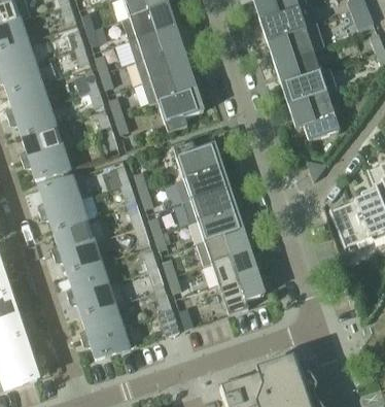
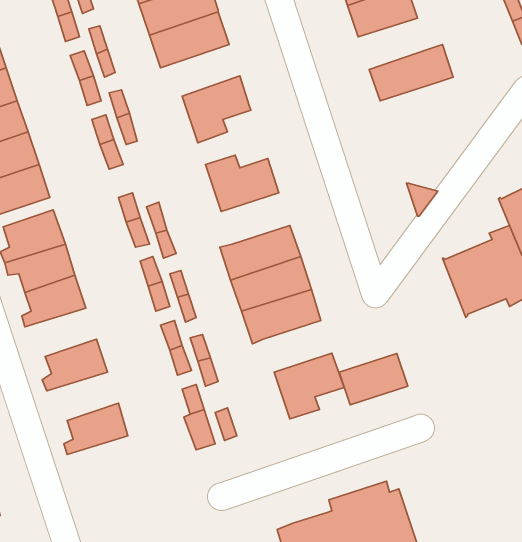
building: [274,49,320,83] -> none
building: [143,67,196,103] -> none
building: [288,92,340,140] -> none
building: [183,165,229,199] -> none
building: [54,241,101,273] -> none
building: [211,249,256,283] -> [339,354,408,405]
building: [68,283,115,315] -> none
building: [81,323,137,359] -> none

